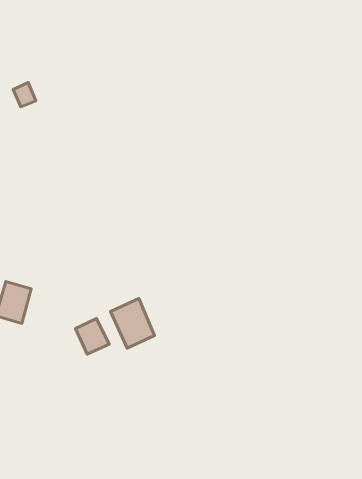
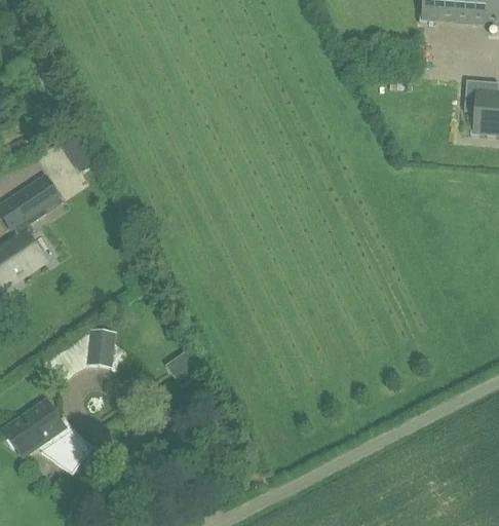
building: [110,299,154,348] -> none

